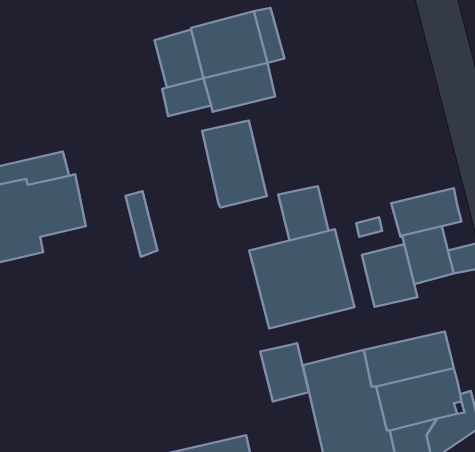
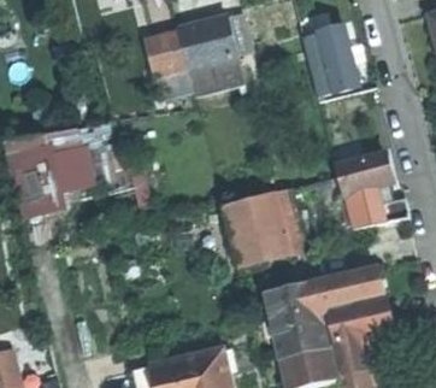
building: none -> [301,24,358,95]
building: [202,121,267,208] -> none
building: [278,186,329,241] -> none
building: [362,244,417,307] -> none
building: [260,343,309,401] -> none

